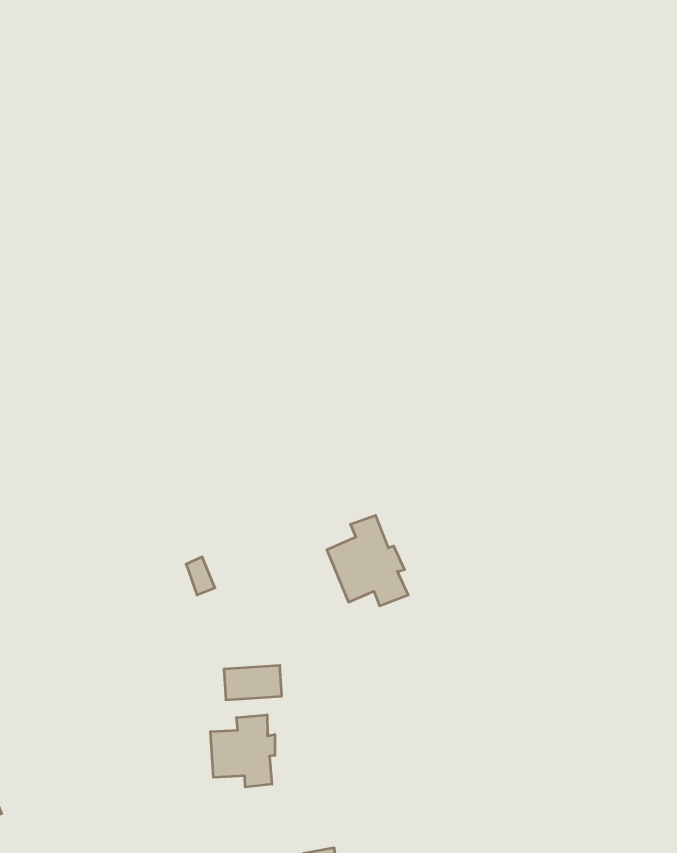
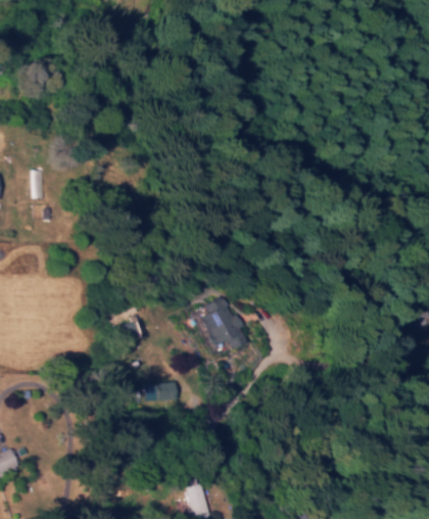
building: [210,715,275,787] -> none

